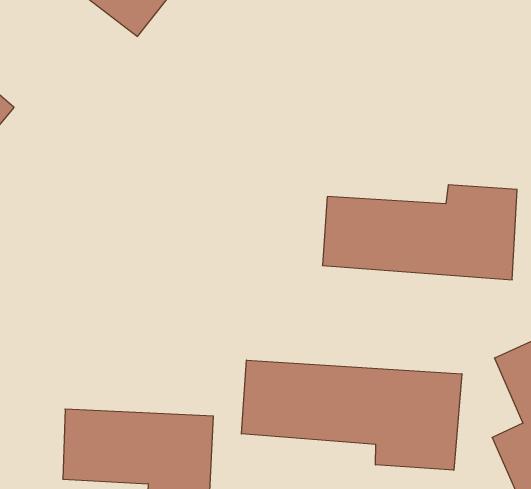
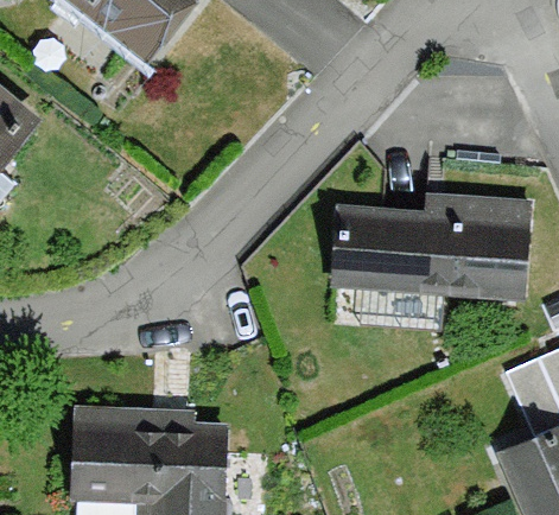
building: [241,360,462,470] -> none

